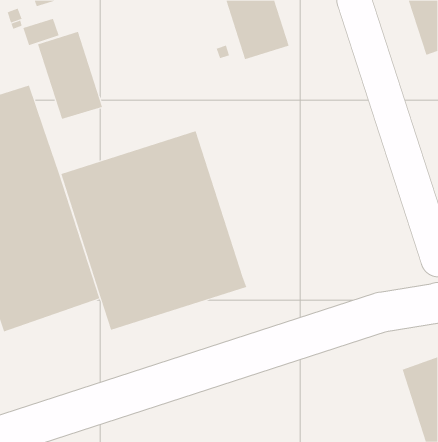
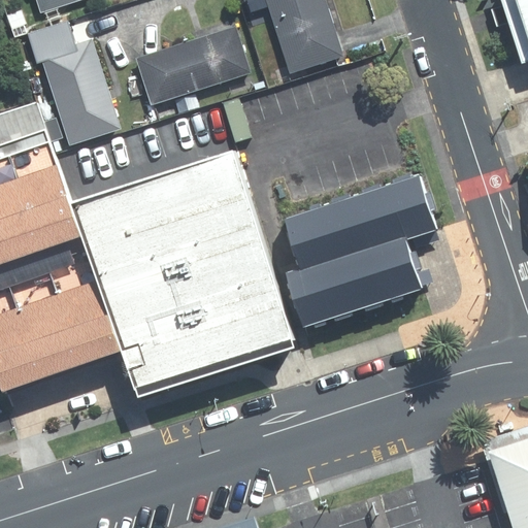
building: none -> [138,26,254,104]
building: none -> [279,173,439,328]

